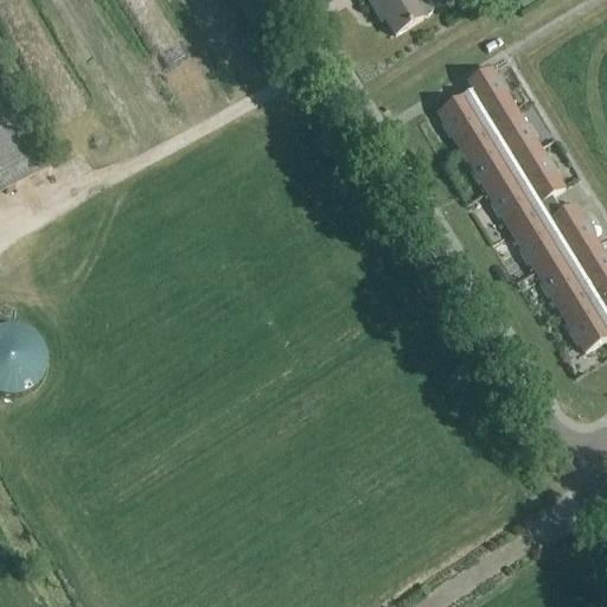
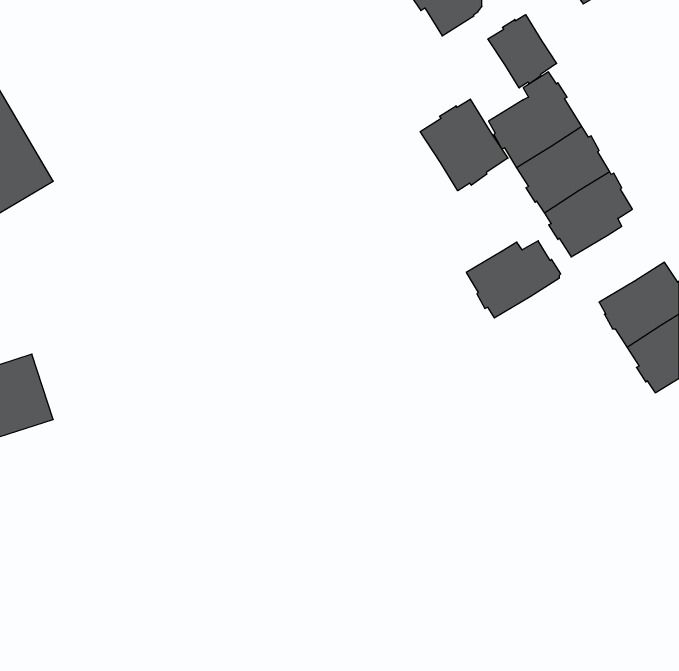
building: none -> [488,15,557,88]
building: none -> [420,99,508,191]
building: [509,200,593,269] -> [466,241,561,318]

